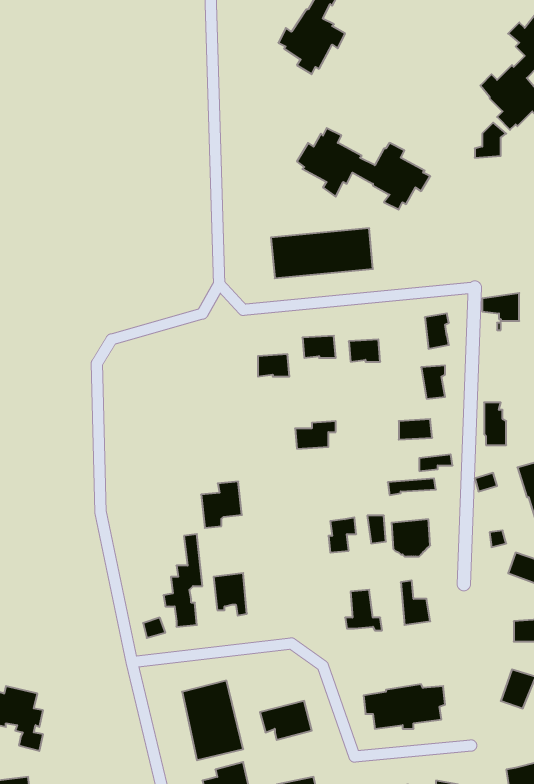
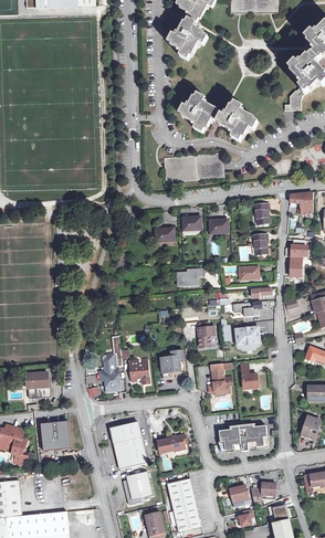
building: [201,482,242,528] -> [160,349,185,377]
building: none -> [25,372,51,398]
building: none -> [41,421,70,451]

